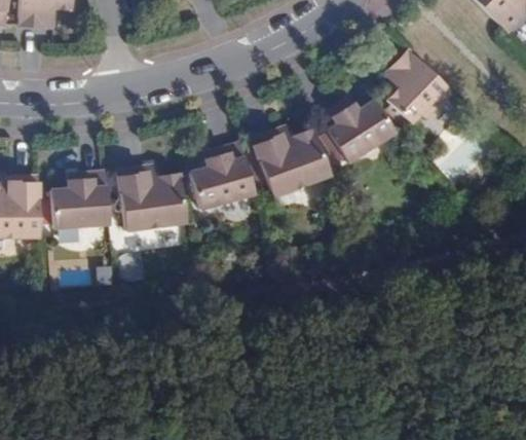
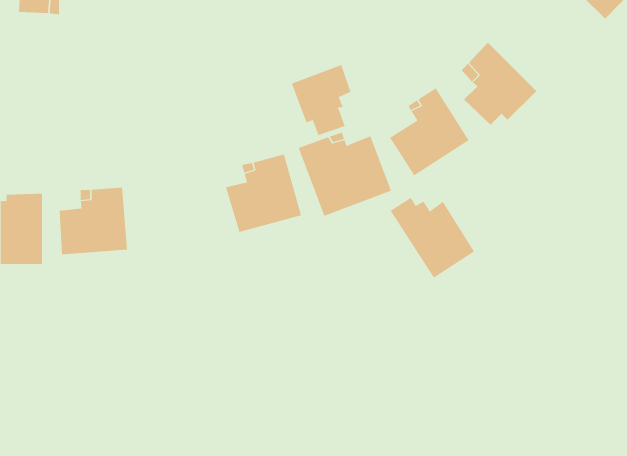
building: none -> [291,64,351,136]
building: [117,169,186,232] -> none
building: none -> [390,197,475,279]

